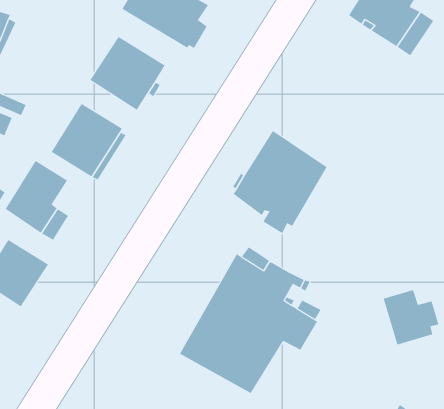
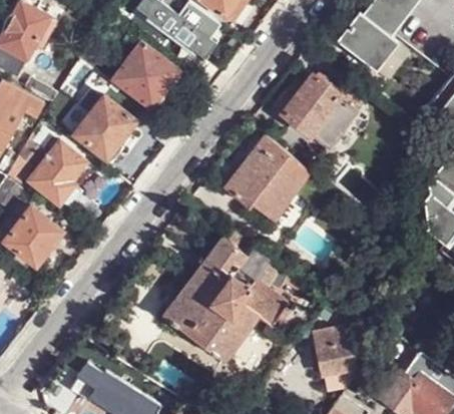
building: none -> [273,72,366,149]
building: [383,290,439,345] -> [313,328,359,374]

